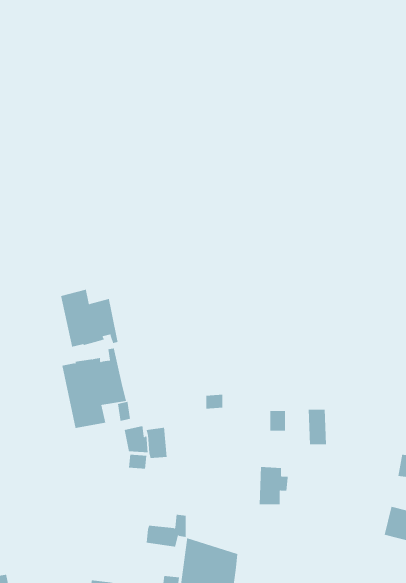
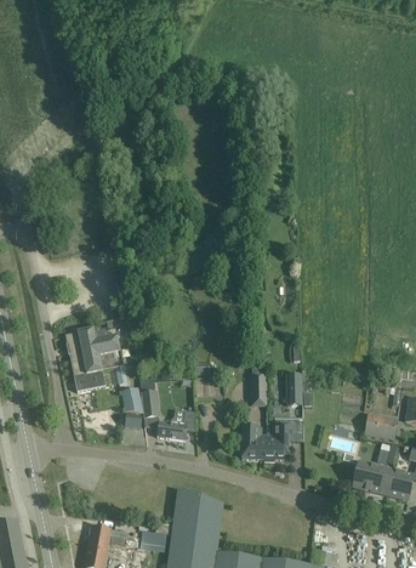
building: [61,289,118,347] -> none
building: none -> [261,424,294,460]
building: [146,514,187,547] -> [158,410,194,439]

